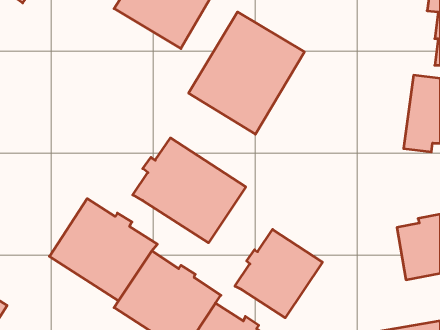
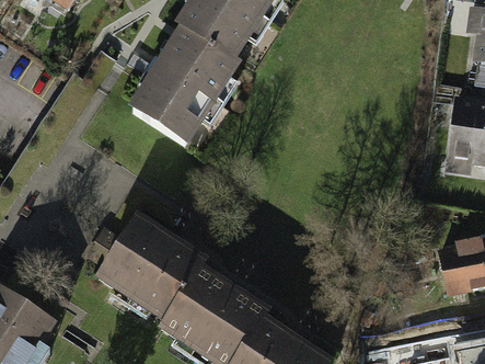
building: [189,12,304,134] -> [115,31,229,151]
building: [133,138,246,243] -> none
building: [235,229,322,318] -> none

